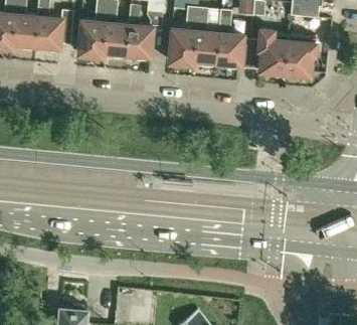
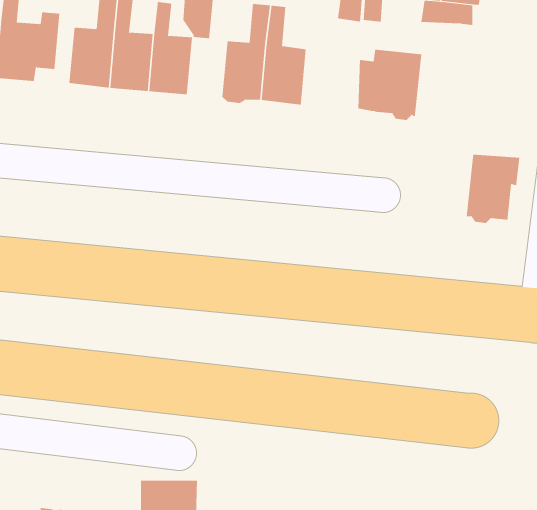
building: [216,9,250,67] -> none
building: [284,35,316,76] -> [466,154,520,224]

